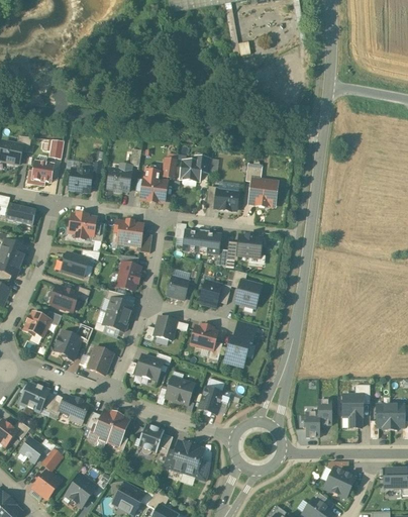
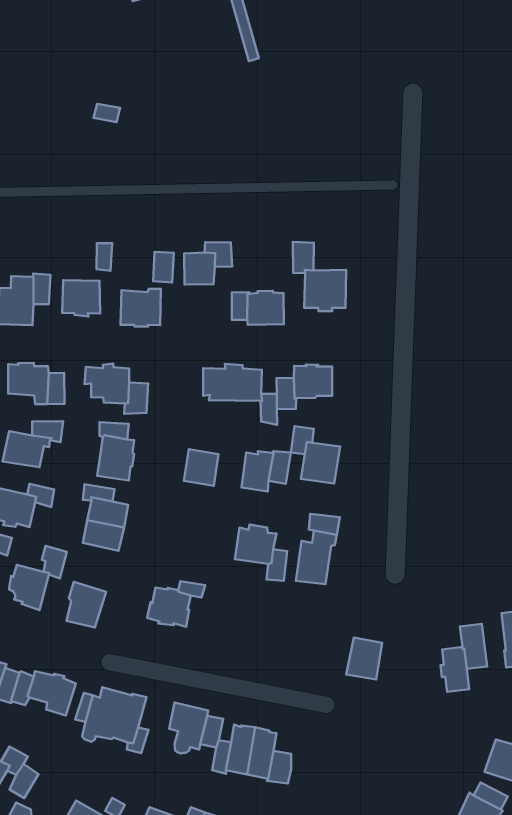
building: [152,316,176,340] -> none
building: [164,377,193,405] -> none
building: [198,388,221,414] -> [346,638,382,680]

